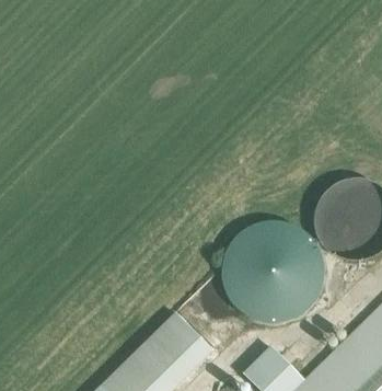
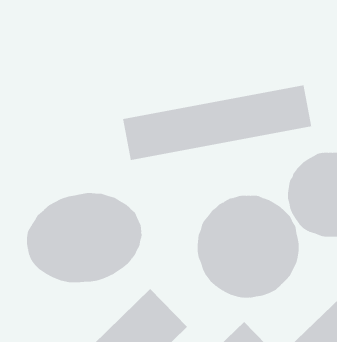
building: none -> [122,85,312,161]
building: none -> [26,192,142,283]

